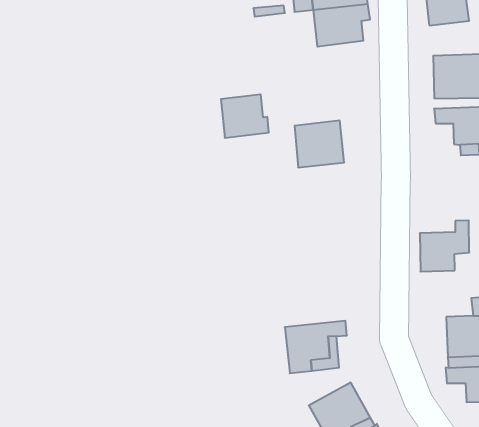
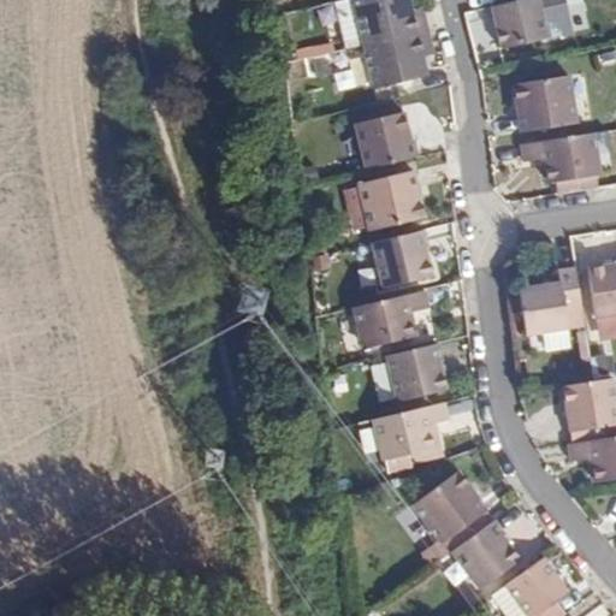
building: [221,94,269,138] -> [356,113,416,168]
building: none -> [373,230,430,288]
building: none -> [357,290,428,345]
building: none -> [387,344,446,402]

